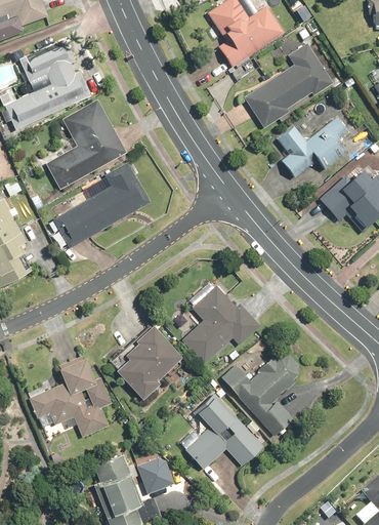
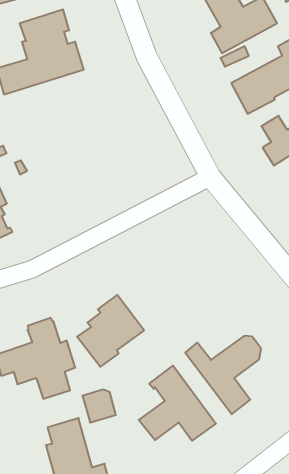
building: [43,99,125,190] -> none
building: [51,162,149,248] -> none
building: [179,285,258,364] -> none
building: [137,454,173,489] -> [82,390,116,423]

